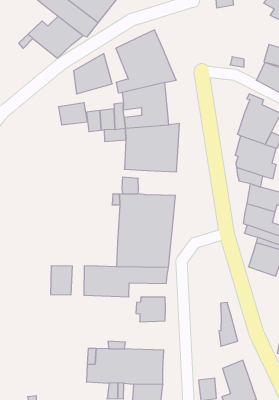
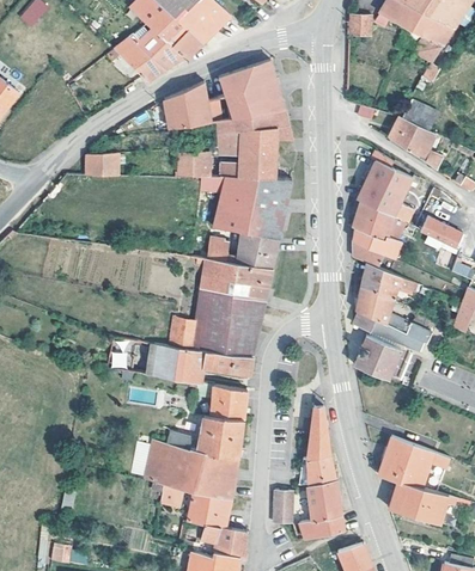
building: [58,103,88,125] -> [87,151,121,174]
building: none -> [238,232,279,266]
building: none -> [169,313,196,345]
building: none -> [197,415,243,454]
building: none -> [305,454,333,485]

